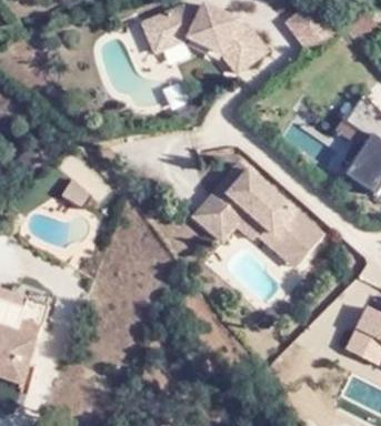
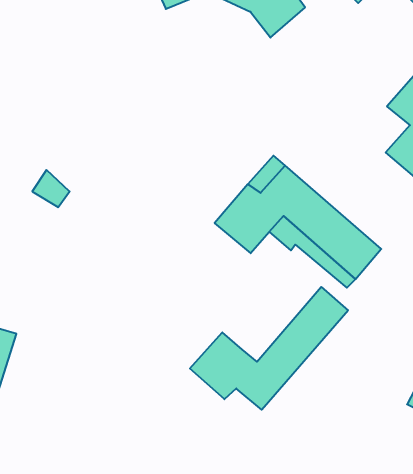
building: none -> [190,287,348,410]

